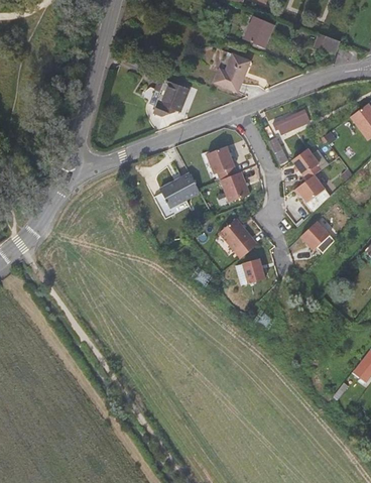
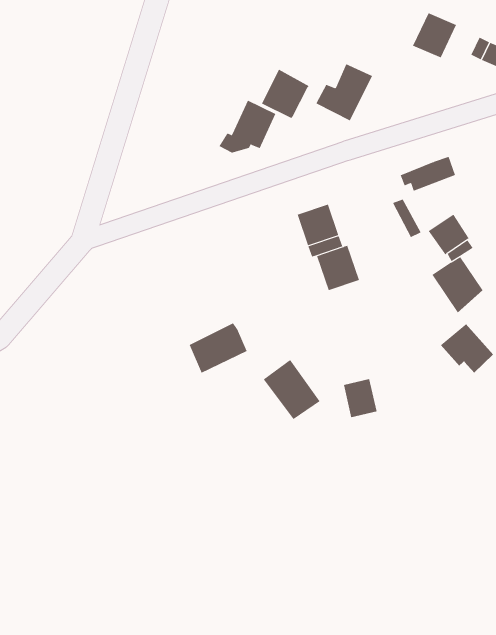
building: [244,16,272,45] -> [412,12,457,58]
building: none -> [261,69,309,119]
building: [158,170,197,205] -> [189,322,247,373]
building: [219,218,257,257] -> [263,359,321,420]

